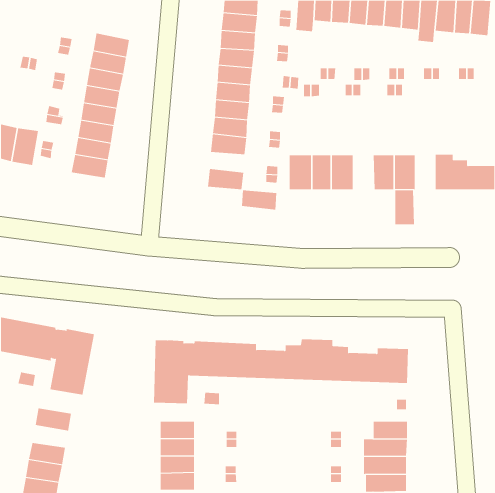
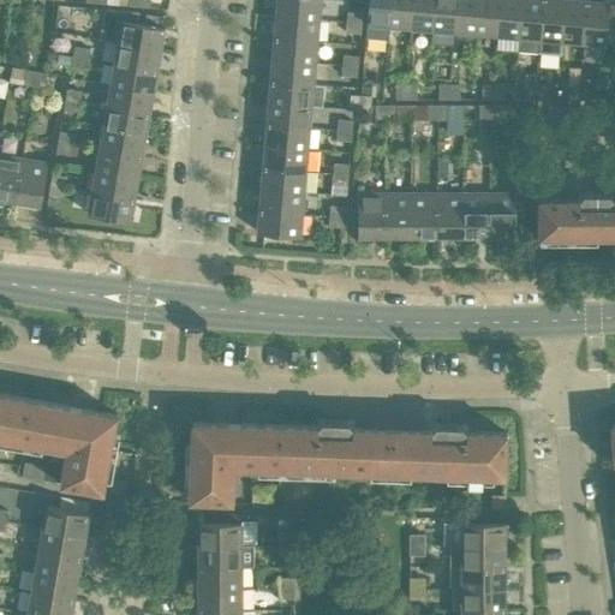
building: none -> [119,16,165,52]
building: [241,190,277,210] -> [259,191,304,216]
building: [395,190,415,225] -> [438,195,464,238]
building: none -> [40,530,85,557]

